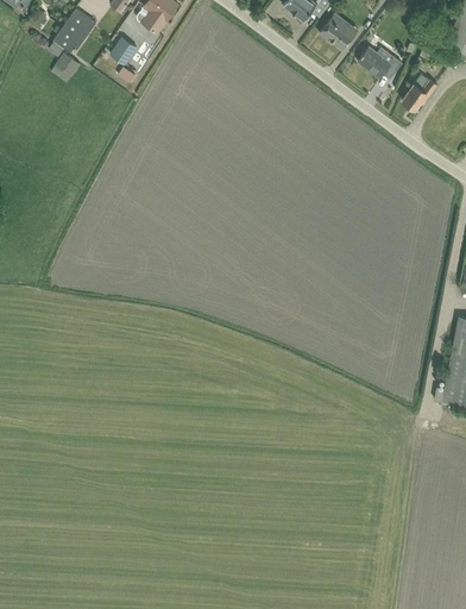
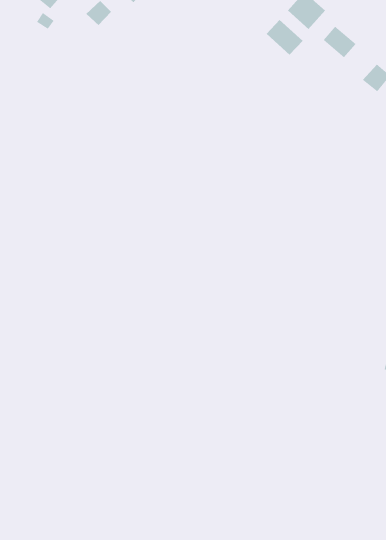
building: none -> [266,19,303,55]

